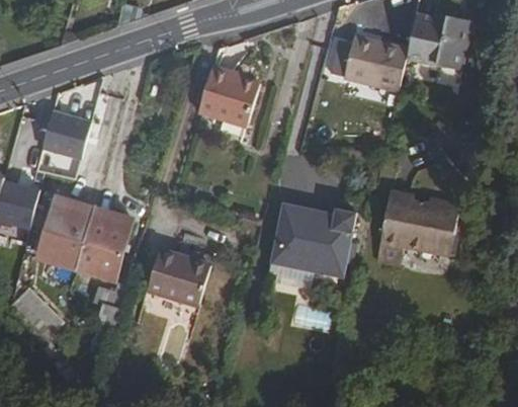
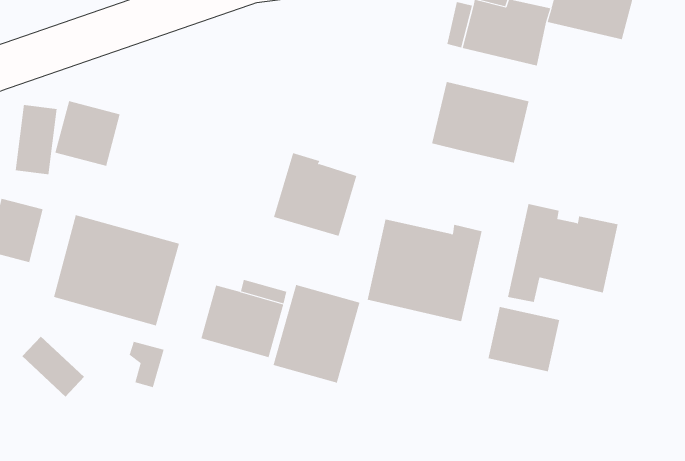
building: [198,64,260,126] -> [273,153,357,237]
building: none -> [432,81,529,164]
building: none -> [273,284,360,383]
building: none -> [488,306,560,372]

